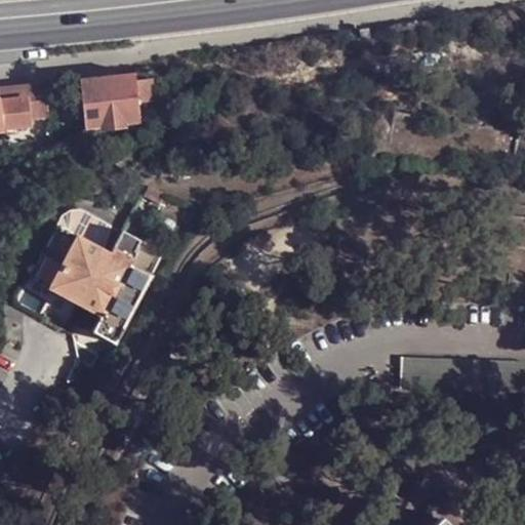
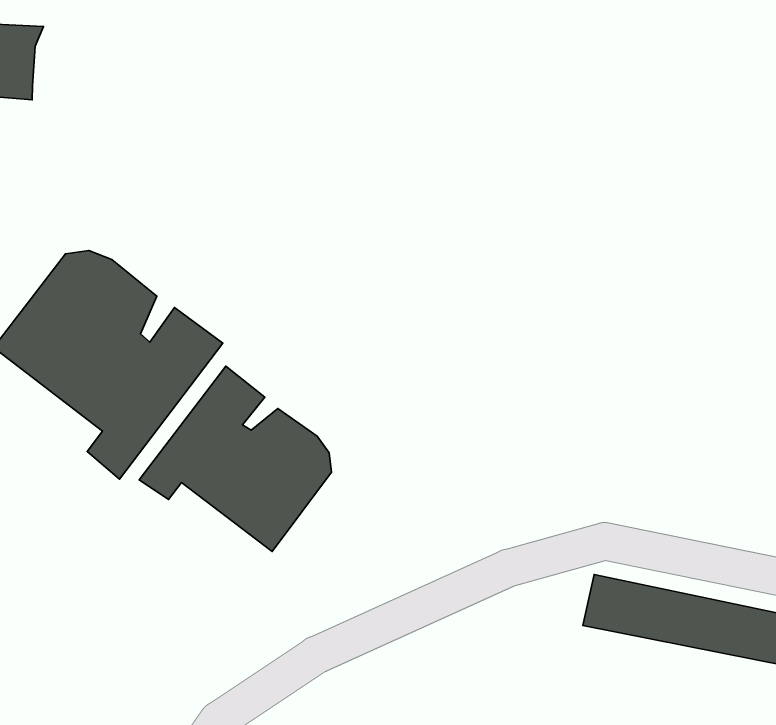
building: [82,74,139,129] -> none
building: none -> [139,366,331,551]

